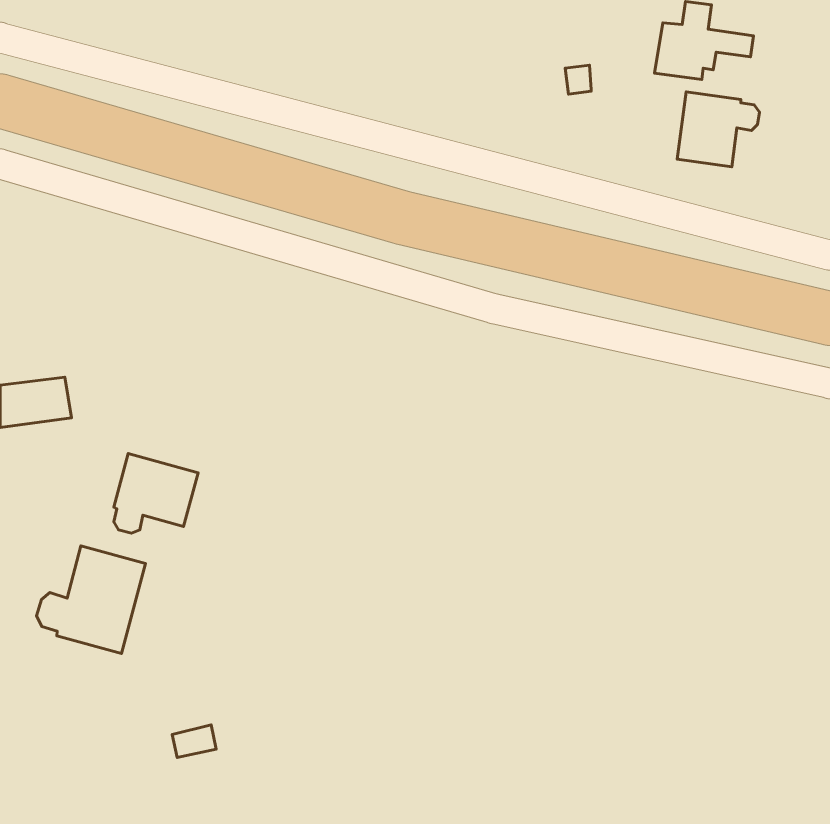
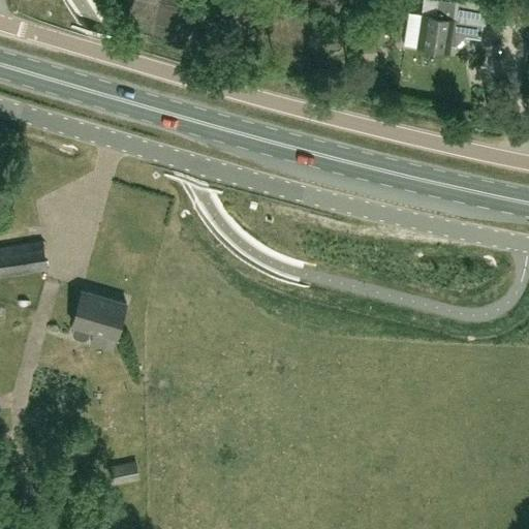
building: [677,92,760,167] -> none
building: [37,546,146,653] -> none

